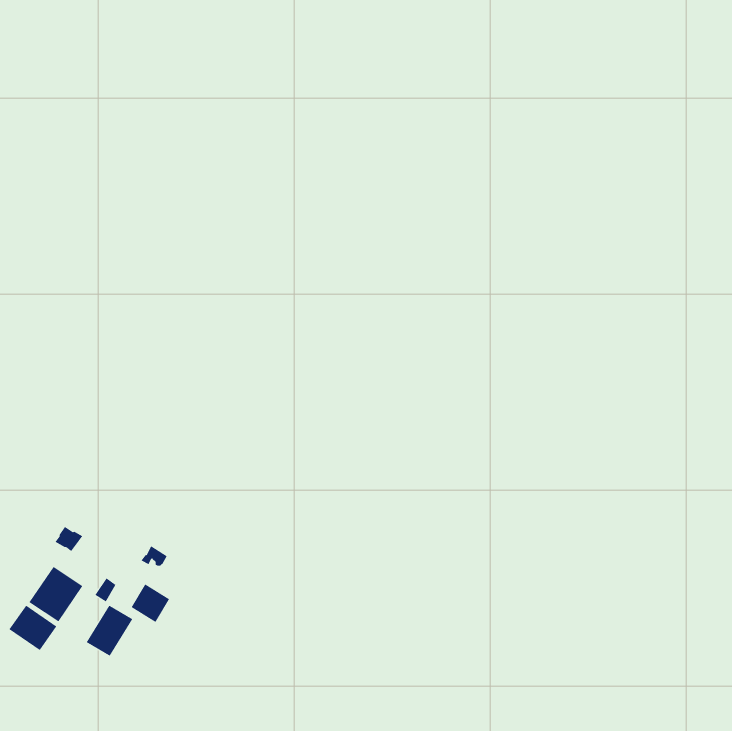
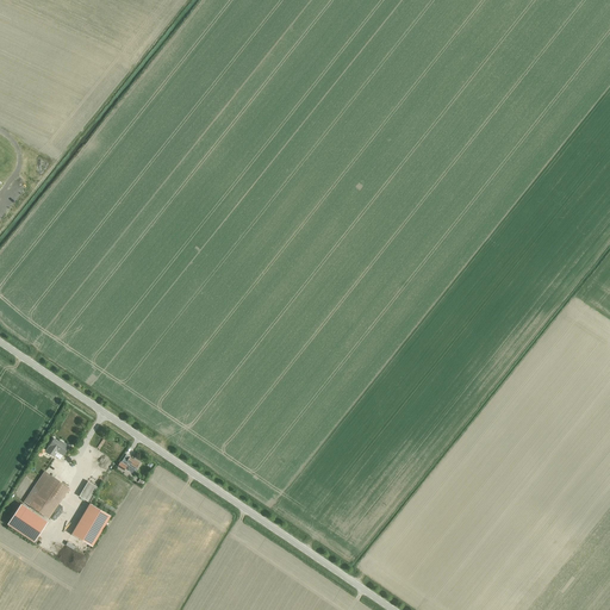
building: [131,583,170,623] -> none

